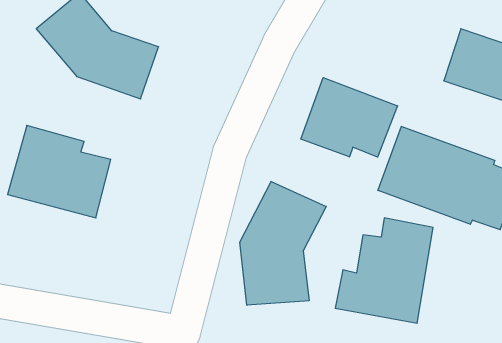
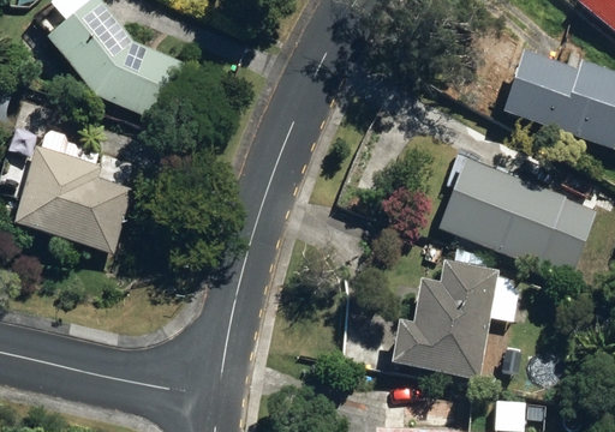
building: [301,78,398,157] -> none
building: [240,181,326,305] -> none

